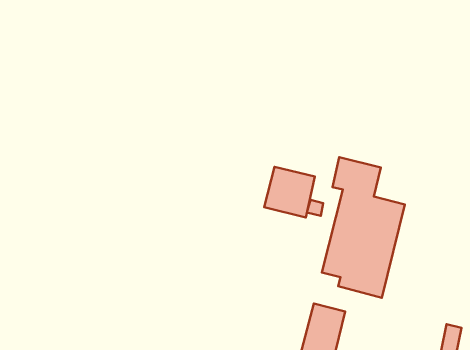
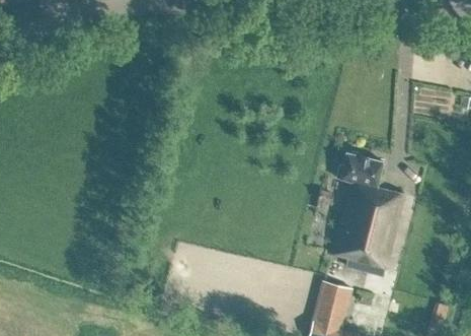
building: [264,167,315,218] -> none

